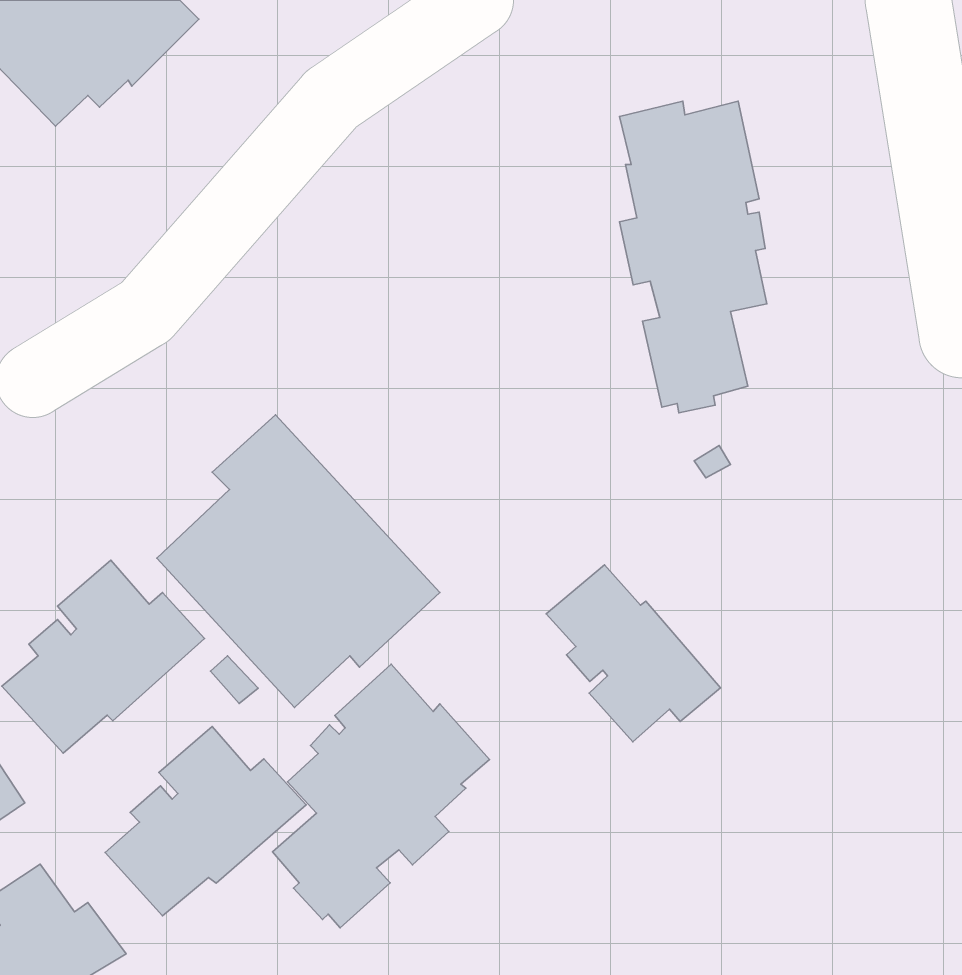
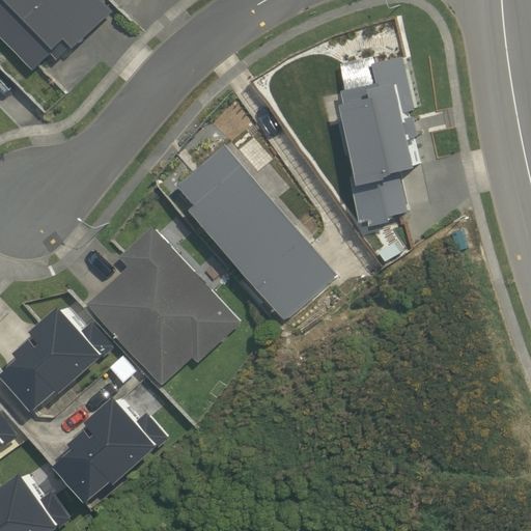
building: none -> [176,143,335,318]
building: [546,565,720,742] -> none
building: [272,664,490,928] -> none

